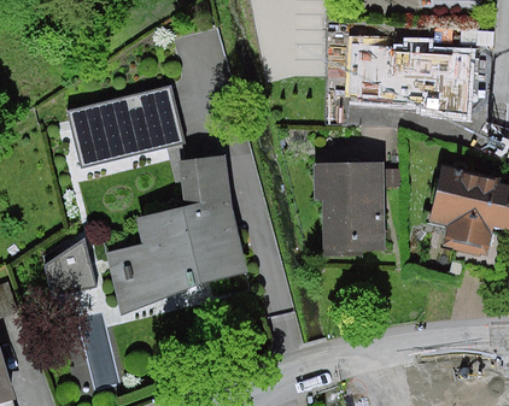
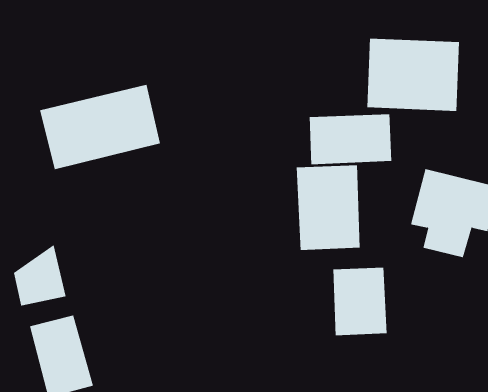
building: none -> [309,113,392,165]
building: [109,155,252,313] -> none
building: none -> [333,267,387,336]

